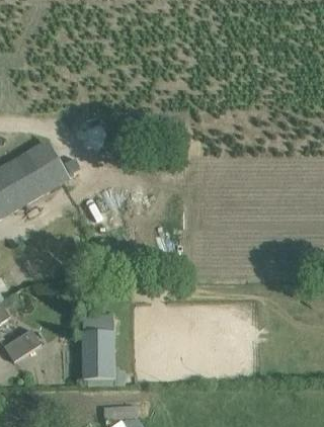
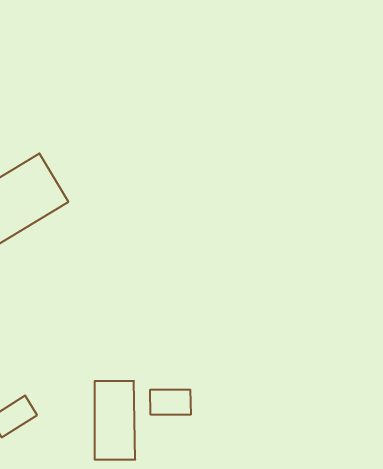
building: none -> [150,390,191,415]

